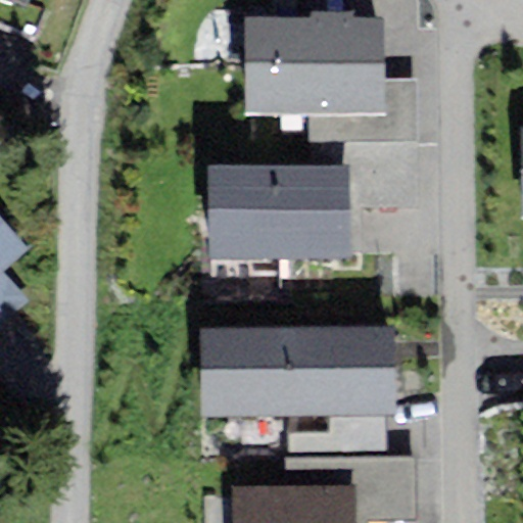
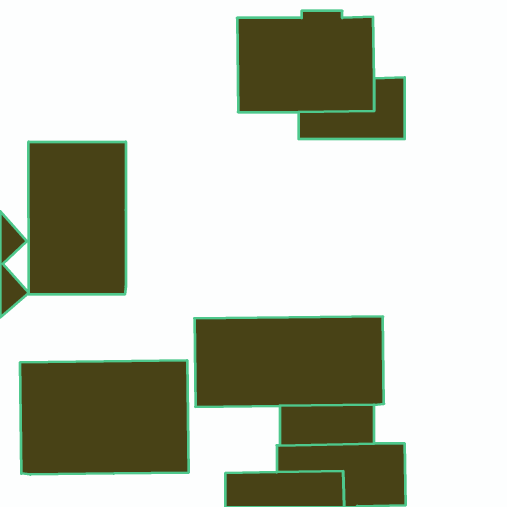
building: none -> [29,142,126,294]
building: [207,164,348,257] -> none
building: none -> [20,360,188,475]

